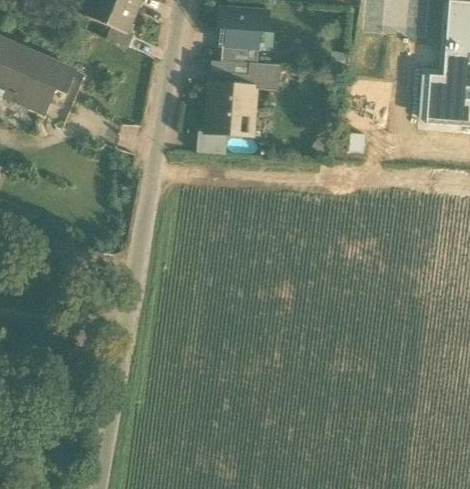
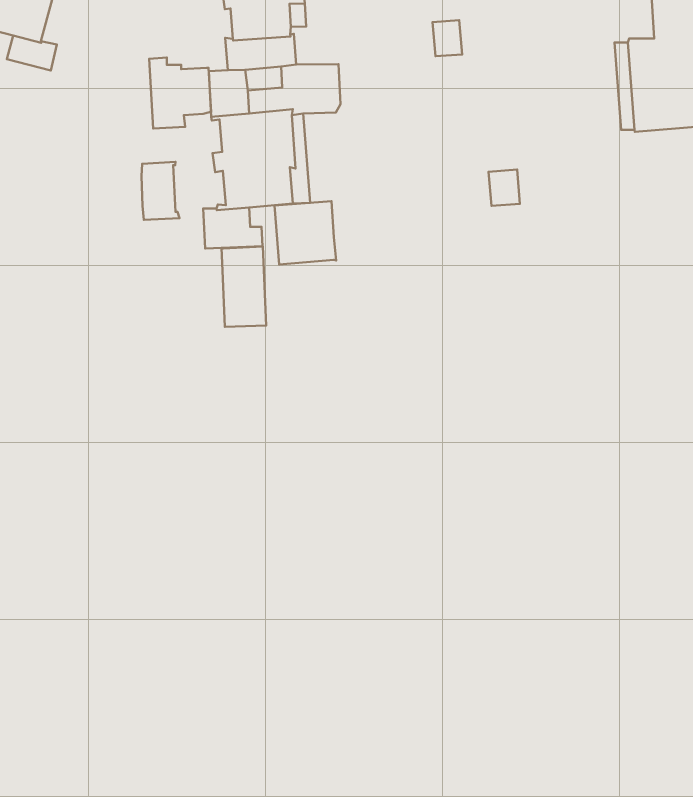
building: none -> [149,57,211,128]
building: none -> [142,162,179,220]
building: none -> [275,201,336,265]
building: none -> [221,246,266,327]

